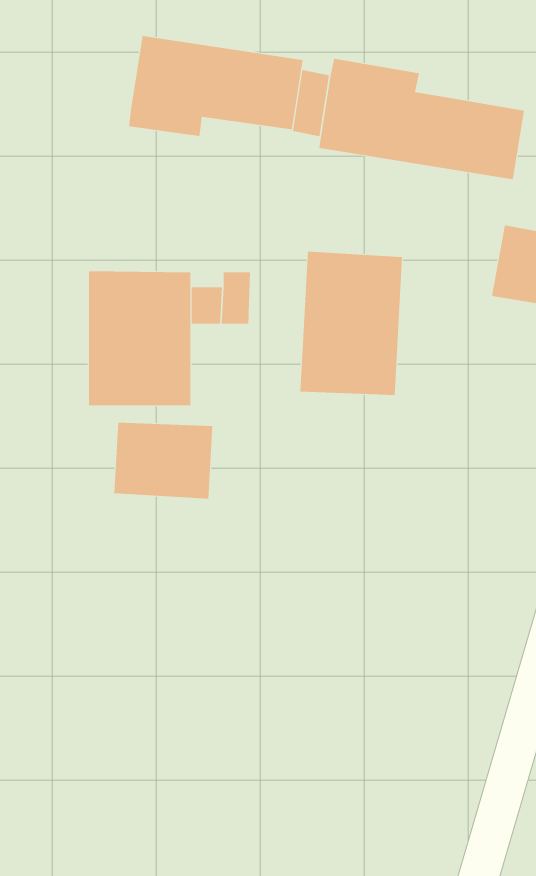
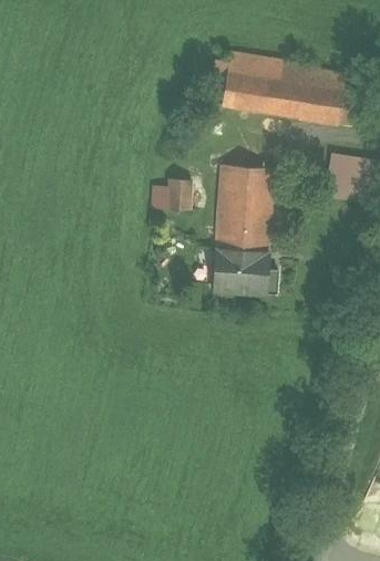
building: [129,35,303,137] -> none
building: [89,270,191,406] -> none
building: [114,422,213,499] -> [213,249,271,294]

